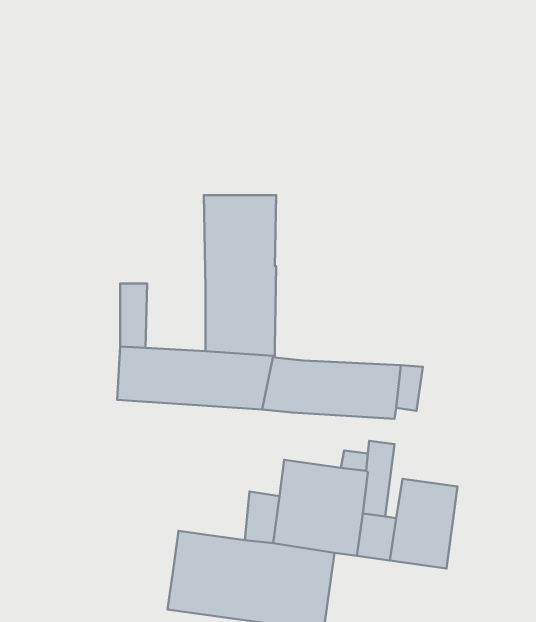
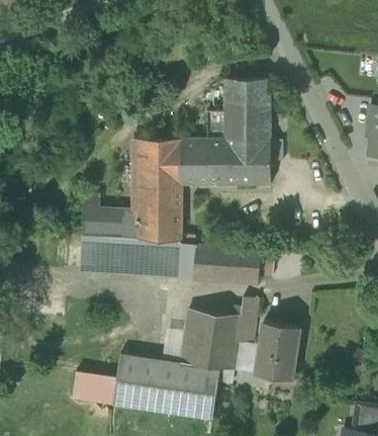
building: none -> [181,79,271,185]
building: none -> [98,196,136,240]
building: none -> [72,371,116,406]

